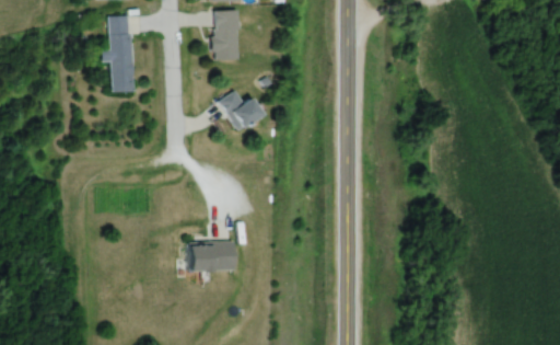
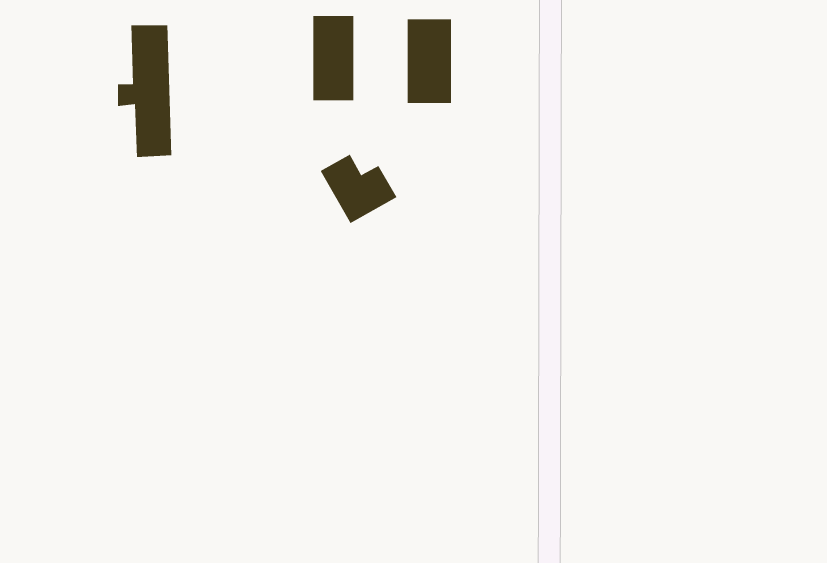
building: none -> [407,19,452,104]
building: [189,242,235,271] -> none

